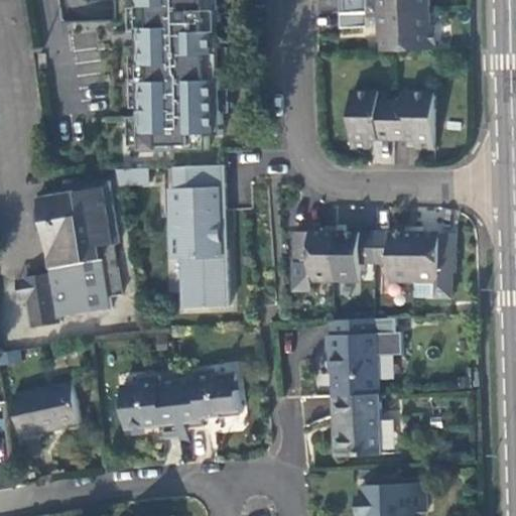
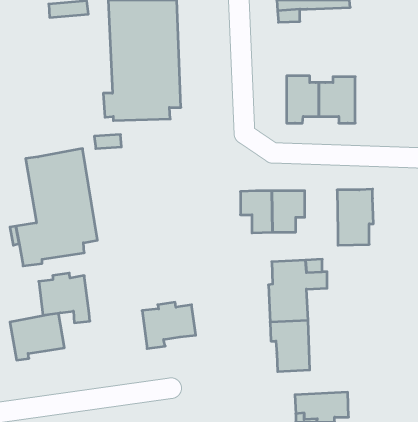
building: [375,9,434,50] -> none
building: [169,160,230,308] -> none
building: [372,232,412,284] -> none
building: [118,376,180,436] -> [39,273,90,323]

